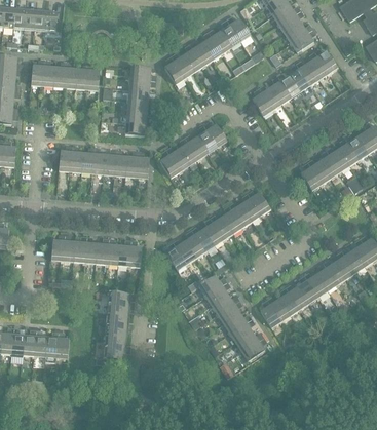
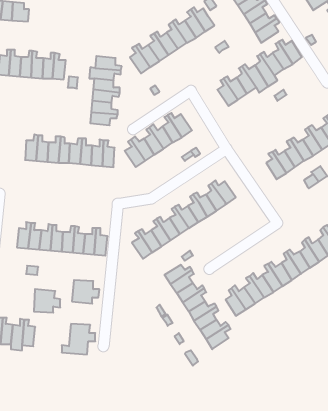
building: [105,313,131,337] -> [34,289,60,313]

